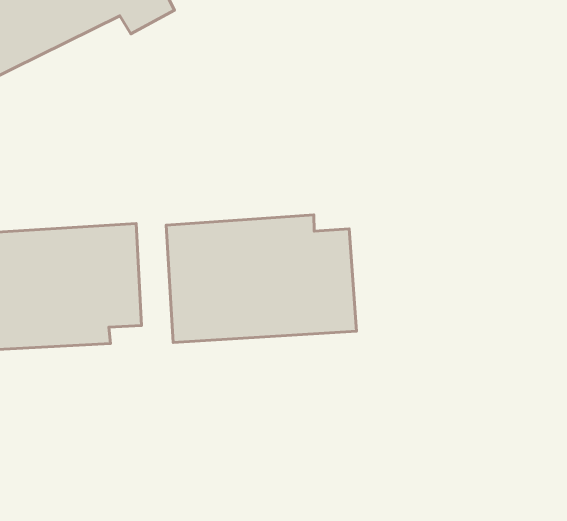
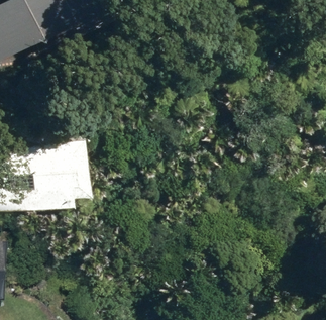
building: [166,215,356,342] -> none

